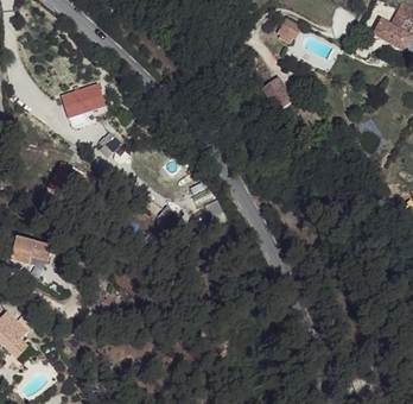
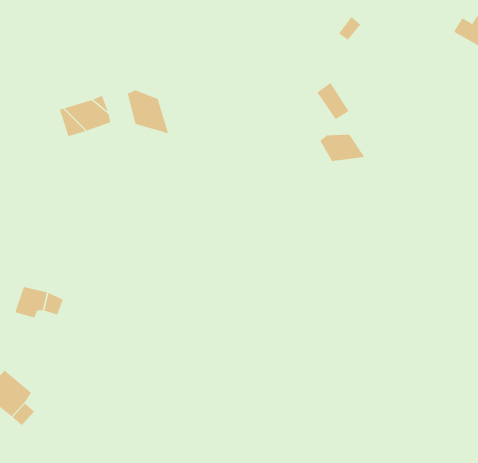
building: none -> [127,89,169,134]
building: none -> [319,134,365,162]

